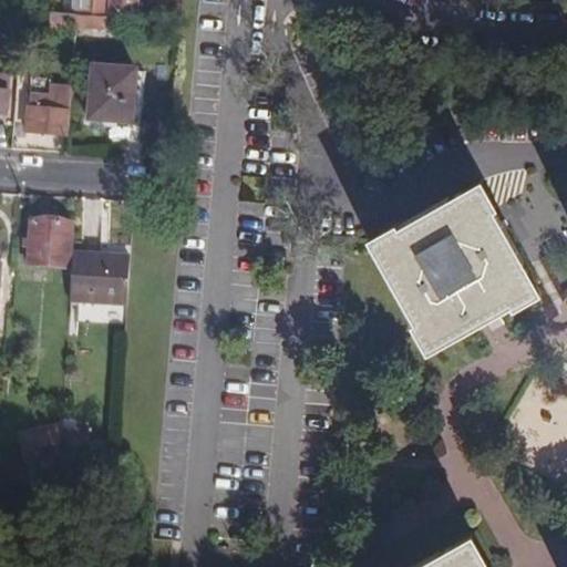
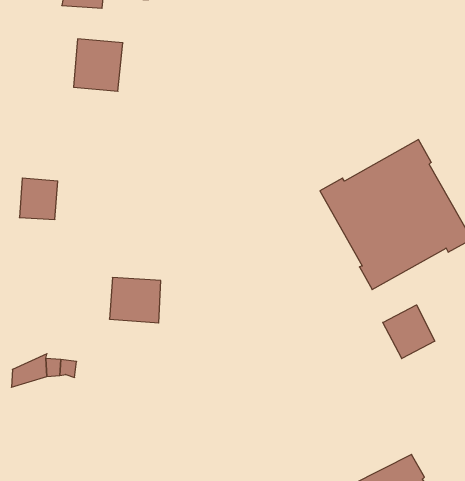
building: [28,82,72,138] -> none
building: [68,257,125,308] -> [109,278,161,323]
building: none -> [383,305,435,359]

